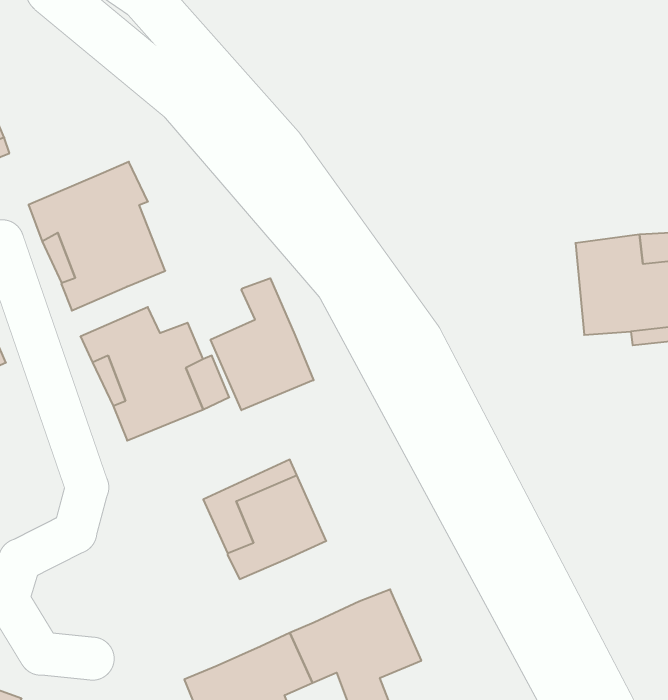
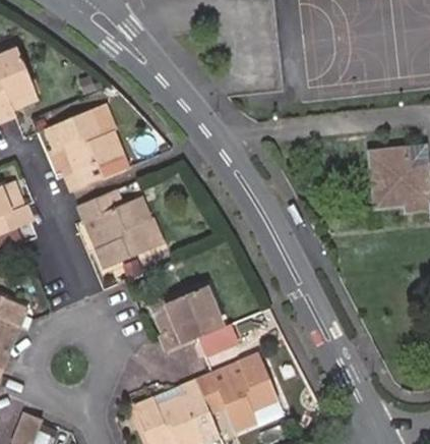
building: [211,278,314,410] -> none
building: none -> [197,323,239,357]

